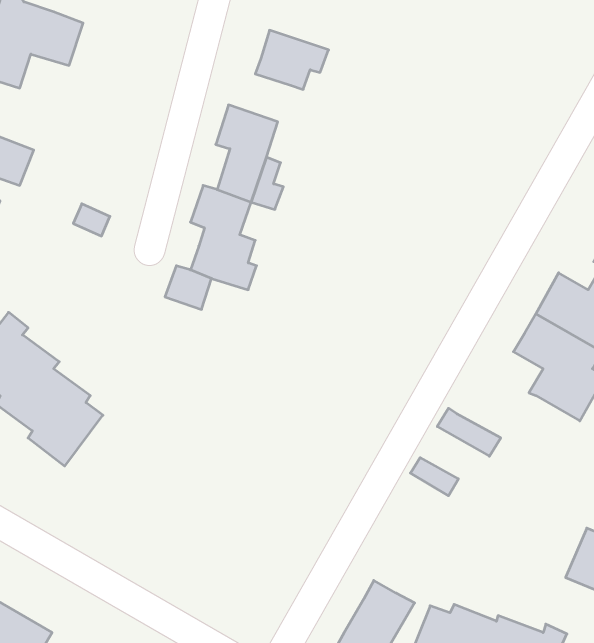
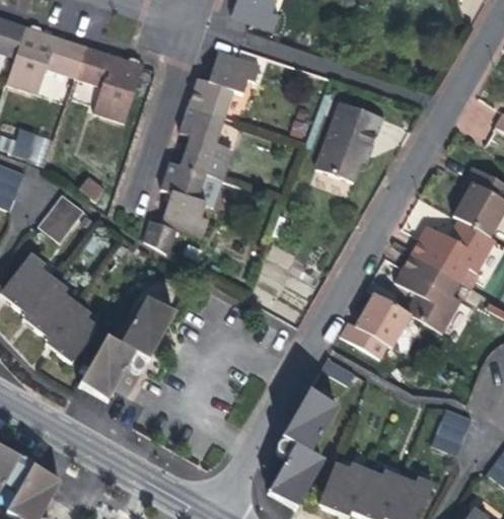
building: none -> [75,45,144,121]
building: none -> [190,77,234,116]
building: none -> [317,102,381,179]
building: none -> [38,194,84,241]
building: none -> [354,292,411,347]
building: none -> [80,297,174,400]
building: none -> [281,390,337,454]

